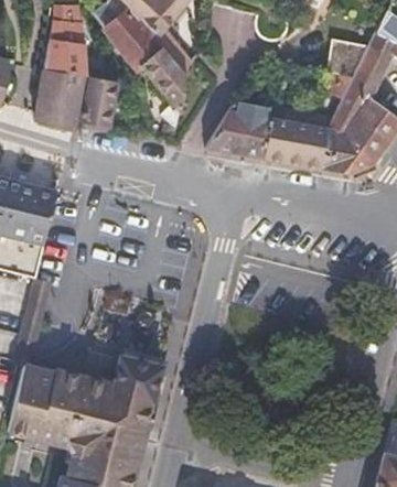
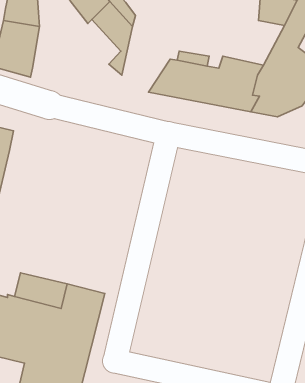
building: [82,75,118,128] -> none

